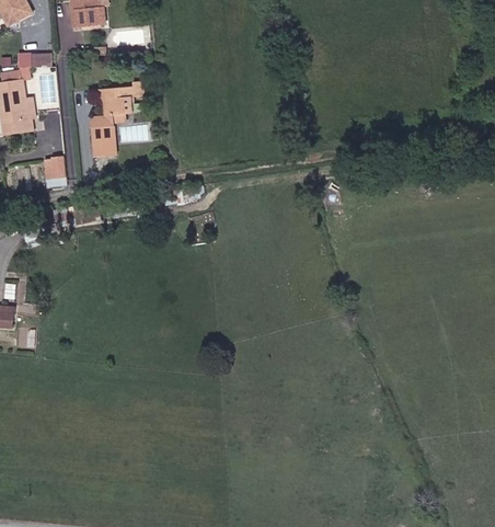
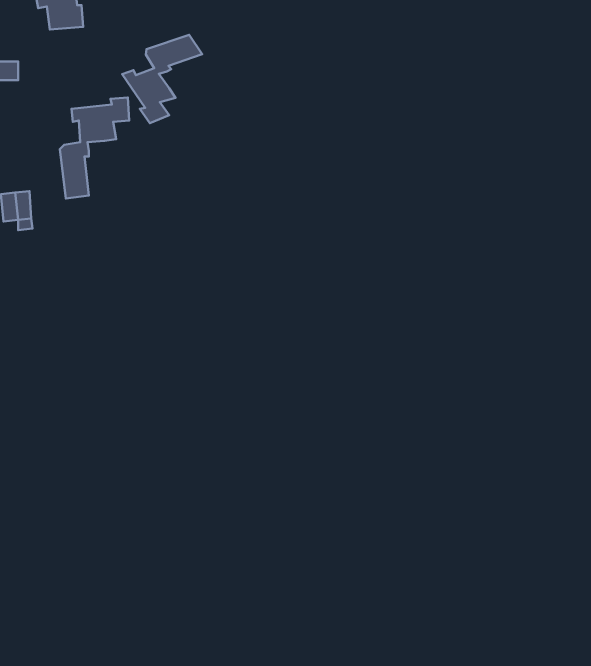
building: none -> [122,35,202,123]

